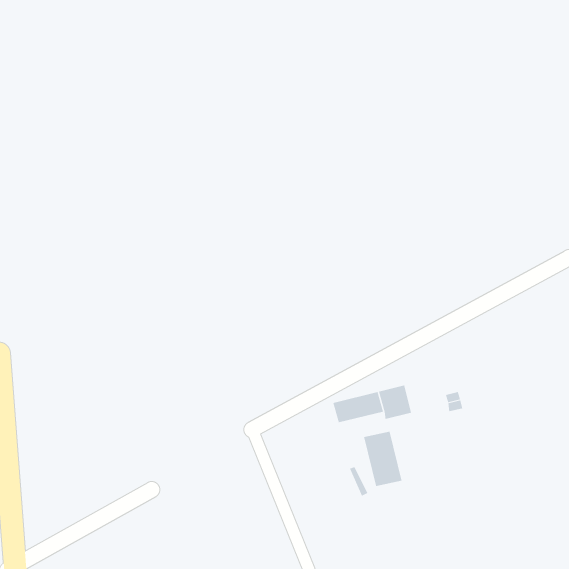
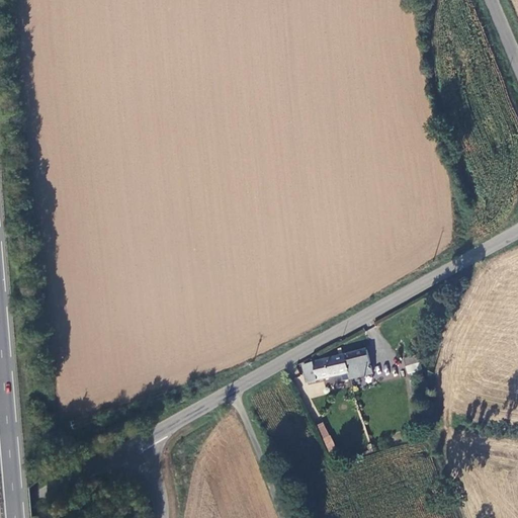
building: [364,431,402,487] -> none

